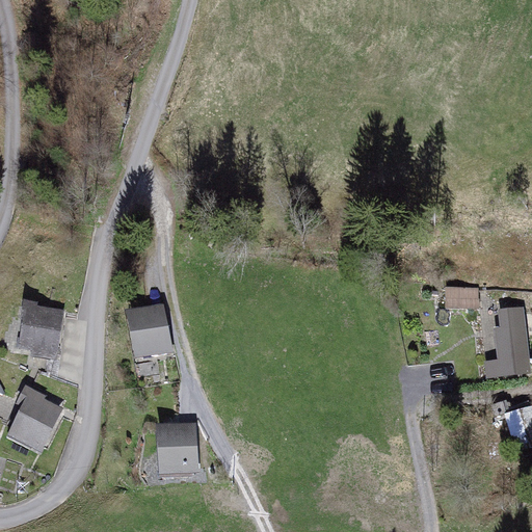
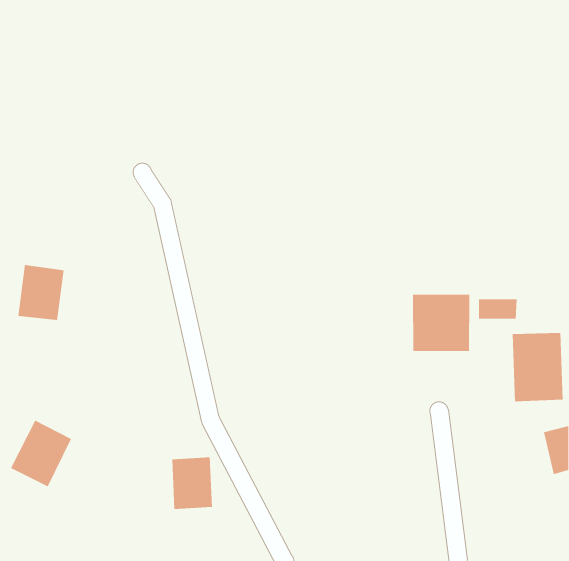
building: none -> [413,294,470,352]
building: [20,304,63,356] -> [18,265,65,321]
building: [128,307,174,365] -> none

